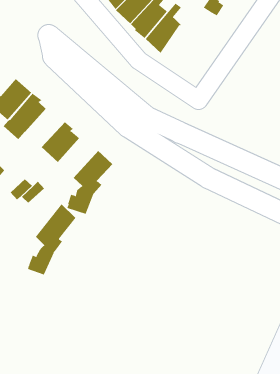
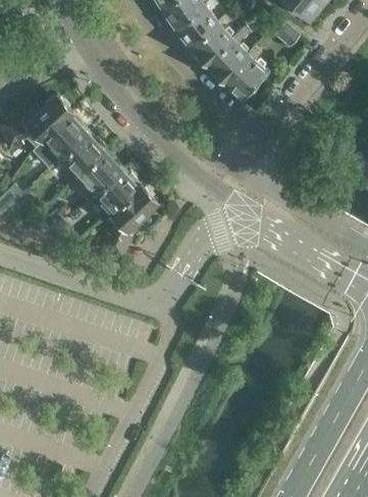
building: none -> [218,47,263,97]
building: none -> [56,132,102,175]
building: none -> [90,168,137,212]
building: [27,203,76,276] -> none

